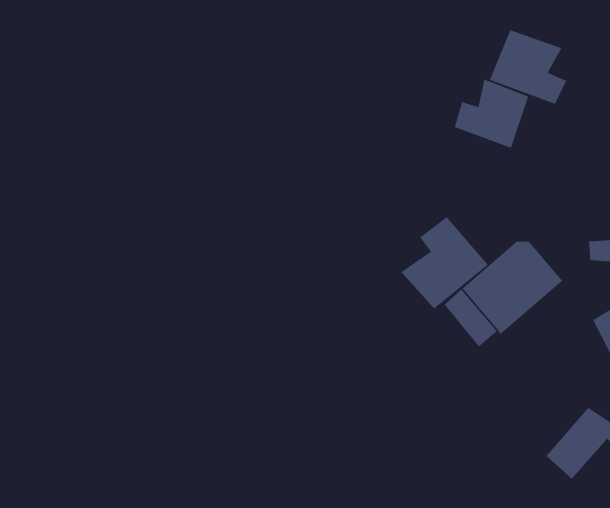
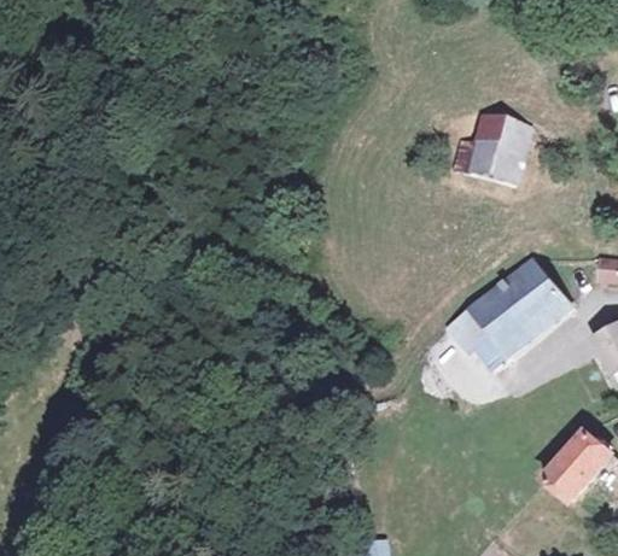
building: [489,29,567,105] -> none
building: [400,216,489,309] -> none

